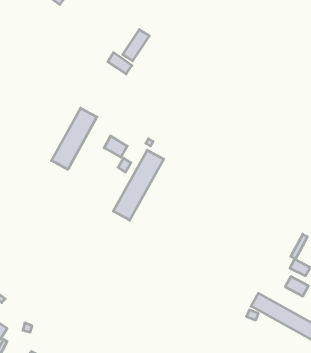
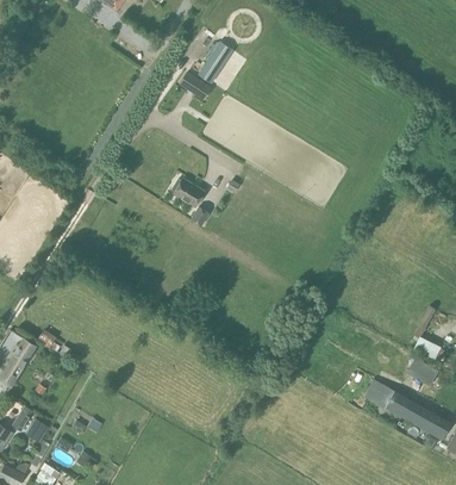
building: [51,108,97,169] -> none
building: [113,150,164,220] -> none

